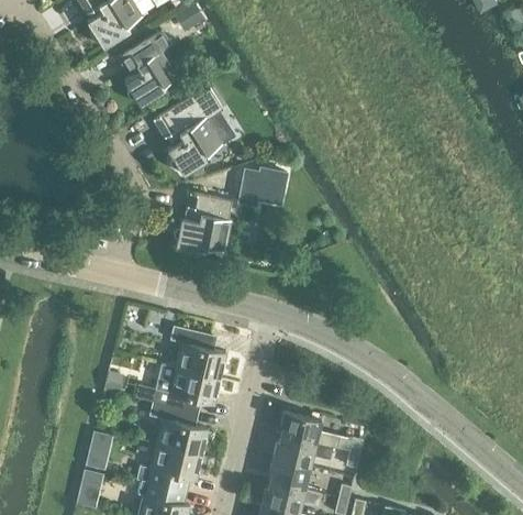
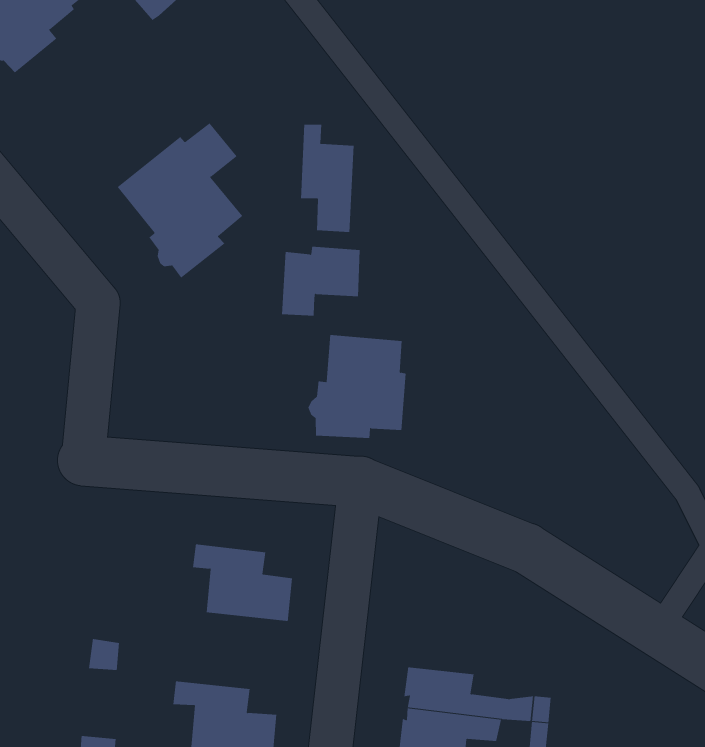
building: [123,33,180,109] -> none
building: none -> [301,124,354,233]
building: [174,195,232,256] -> [308,334,407,439]
building: [152,364,220,414] -> none

